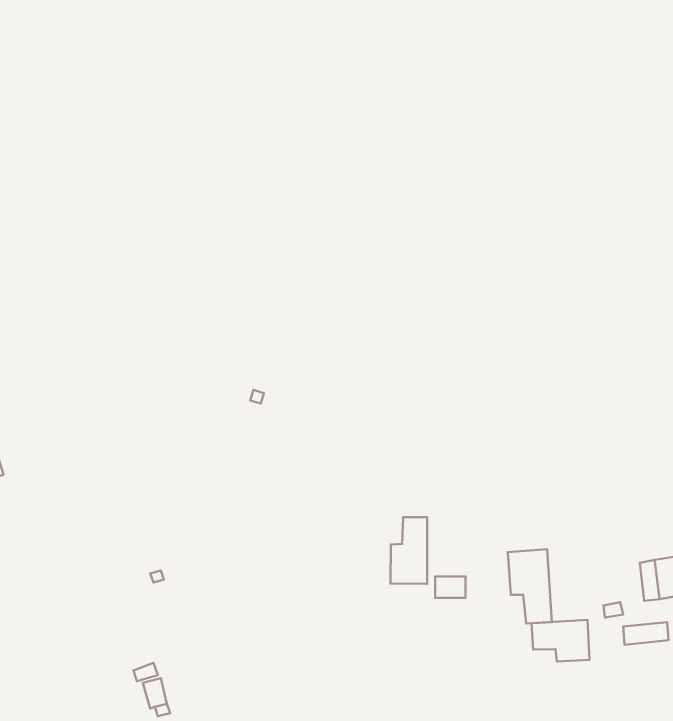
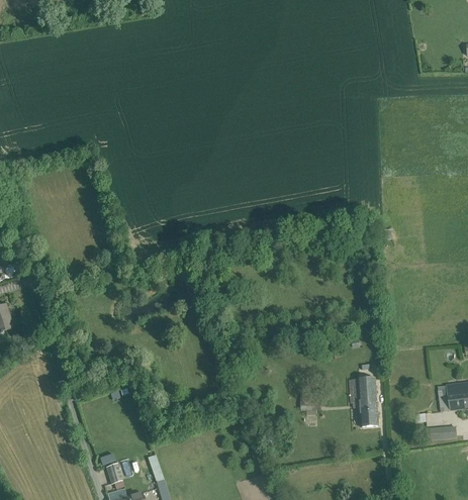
building: [390,517,427,584] -> none
building: [532,620,589,661] -> none

